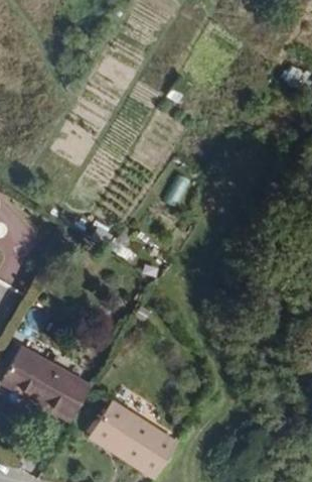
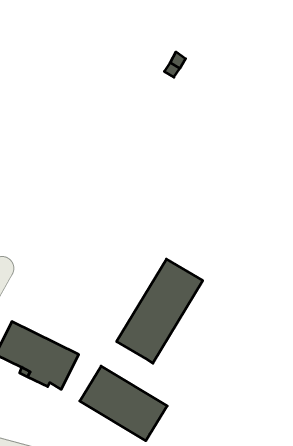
building: none -> [117,259,203,363]

